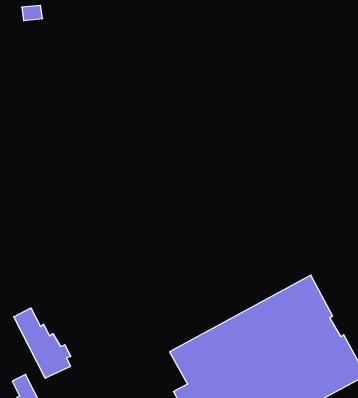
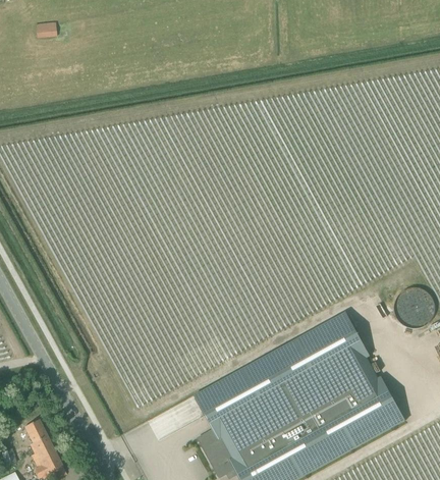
building: [14,308,71,378] -> none

